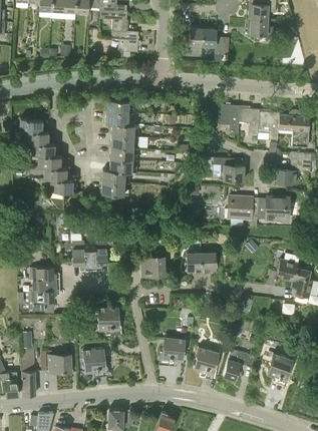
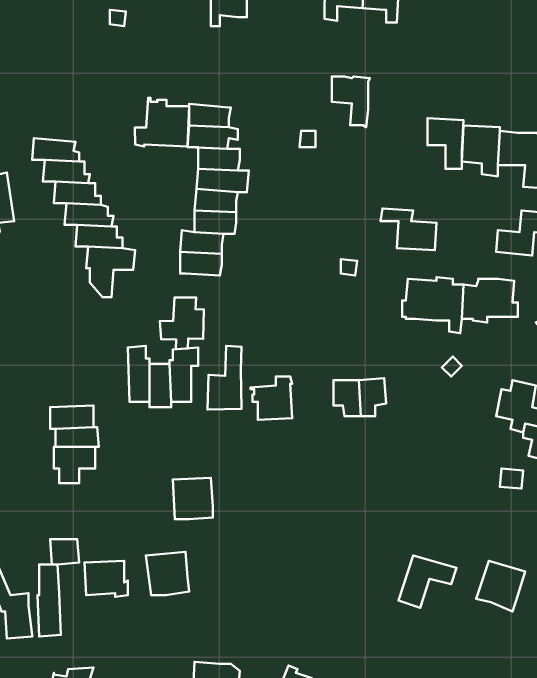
building: none -> [135,98,189,147]
building: [219,104,240,132] -> [332,76,370,127]
building: none -> [160,298,204,349]
building: none -> [207,346,241,409]
building: [162,337,186,366] -> none
building: [193,347,219,377] -> none

